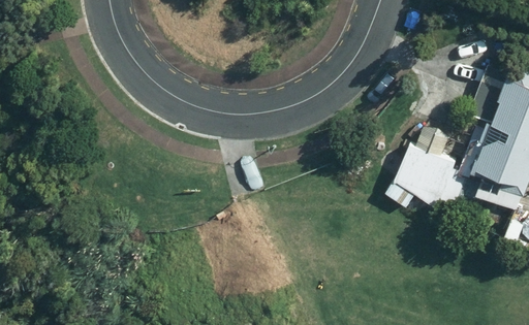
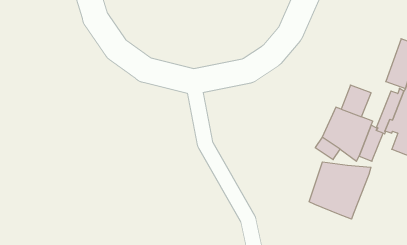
building: none -> [309,162,371,219]

